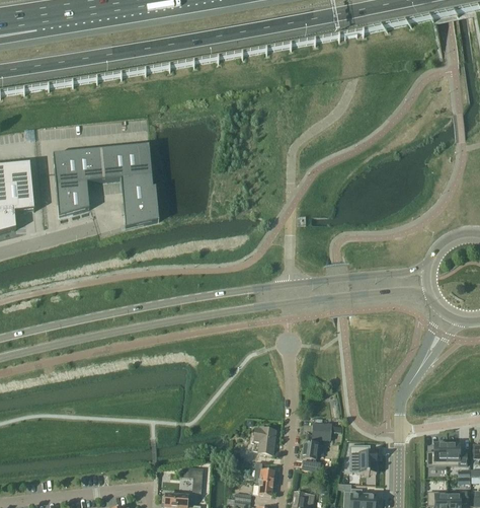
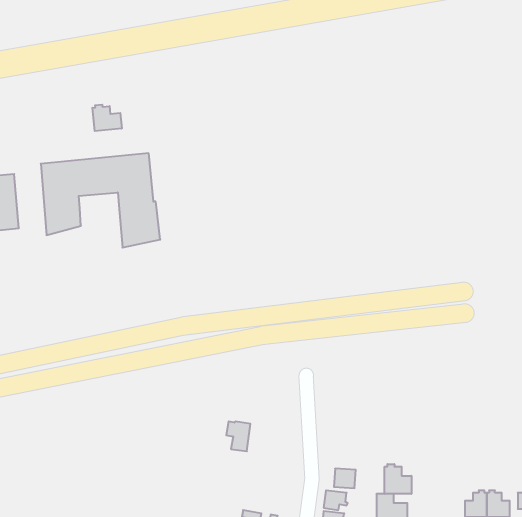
building: none -> [92,105,122,131]
building: none -> [385,464,411,494]
building: [254,427,275,453] -> [226,421,250,451]

